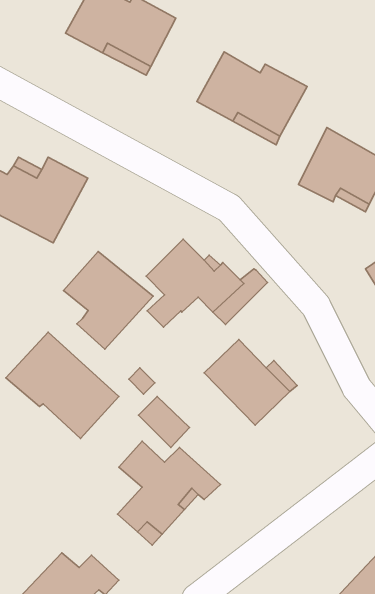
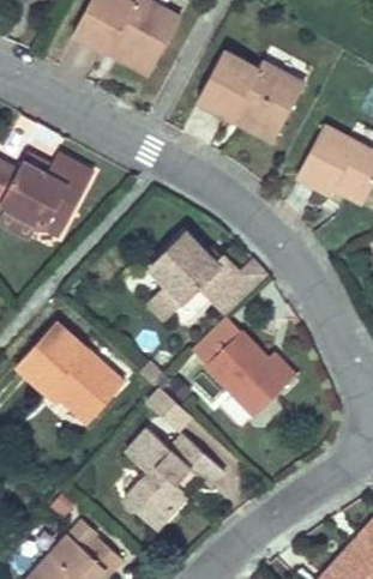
building: [63,252,153,349] -> none

